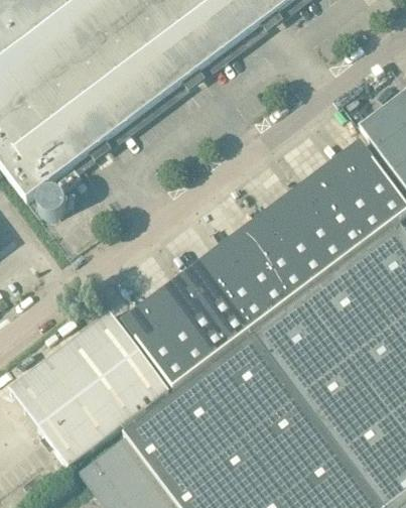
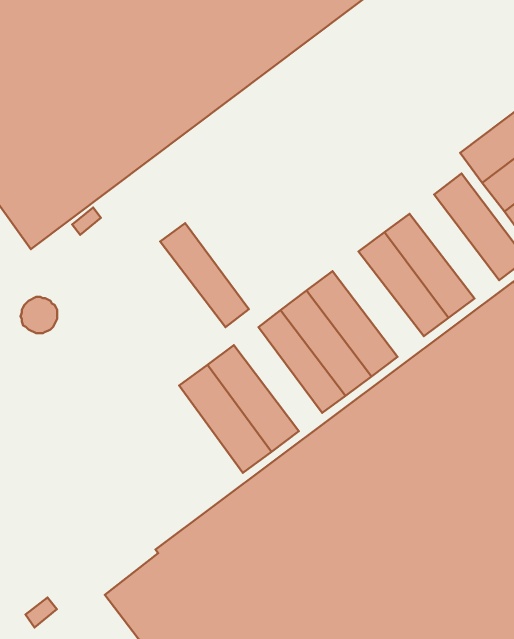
building: [319,157,389,238] -> none
building: [36,188,64,217] -> [21,297,57,333]
building: [260,202,330,283] -> none
building: [183,260,252,341] -> [160,223,249,327]
building: [122,305,190,387] -> none
building: [10,312,168,466] -> none

